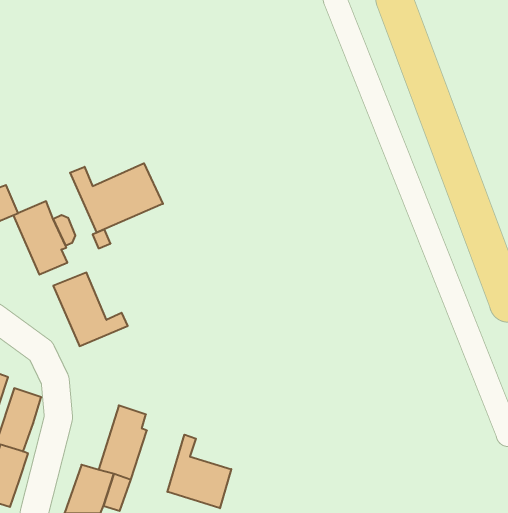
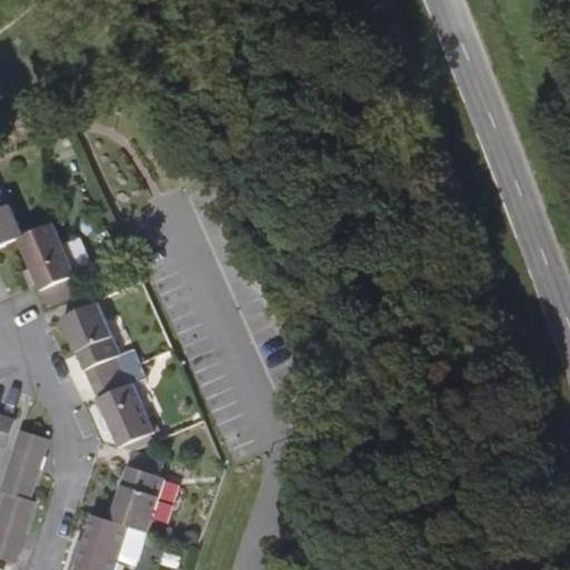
building: [70,163,163,233] -> none
building: none -> [88,361,153,448]
building: [167,435,231,508] -> none

